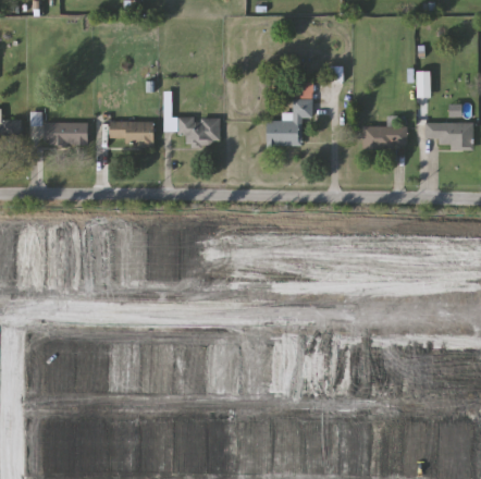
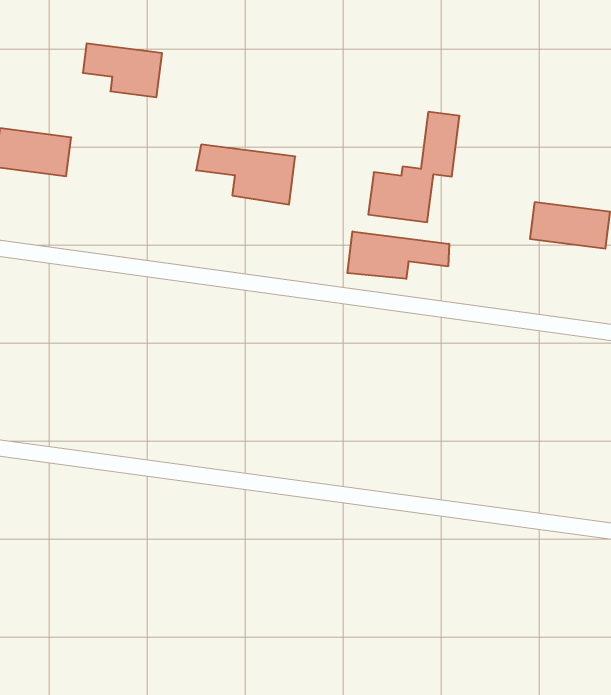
building: [109,122,153,148] -> [83,43,162,97]
building: none -> [347,231,449,279]

